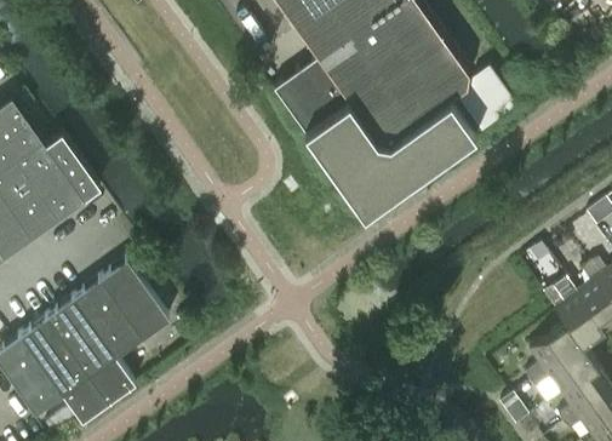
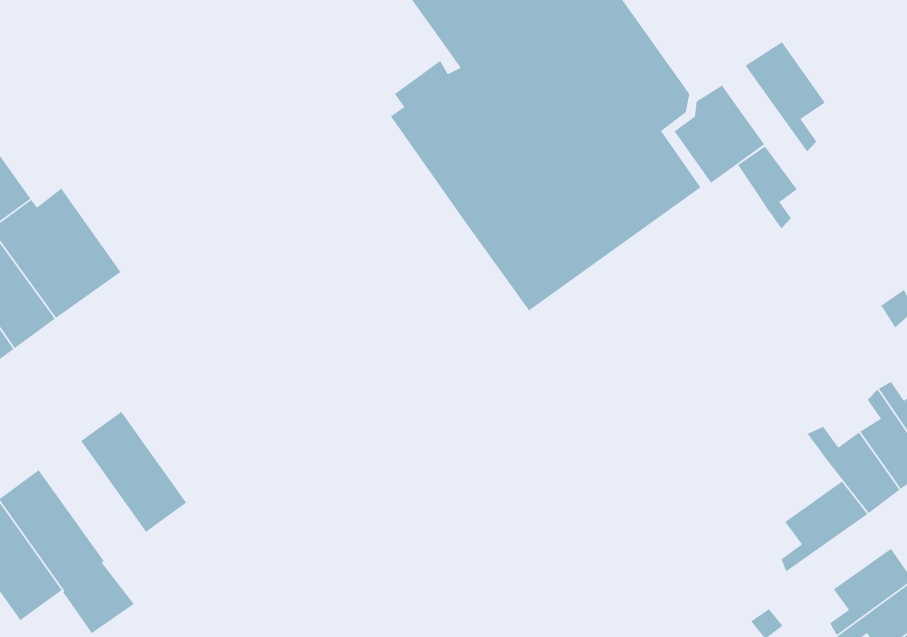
building: none -> [744,41,826,153]
building: none -> [737,145,798,229]
building: [99,262,167,339] -> none
building: [46,299,133,405] -> none
building: [528,346,596,395] -> none

